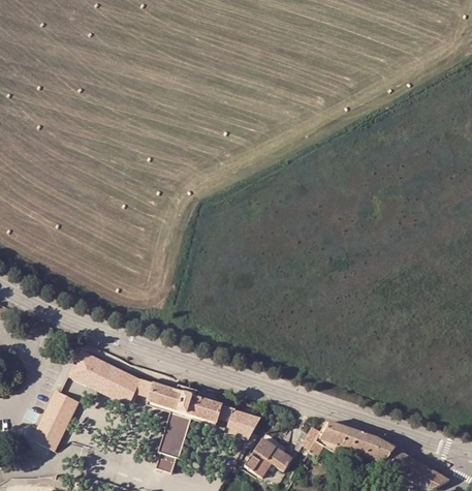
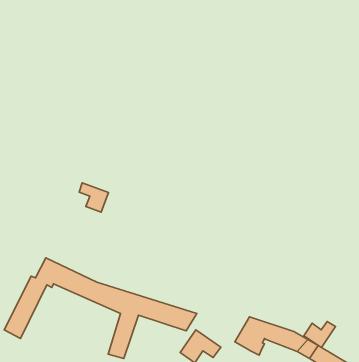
building: none -> [79,183,108,212]
building: none -> [304,321,336,348]

